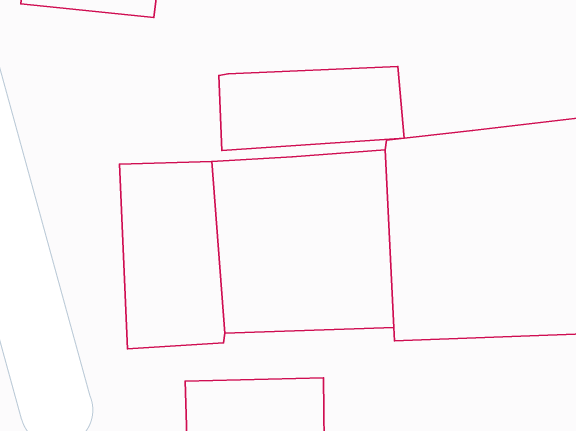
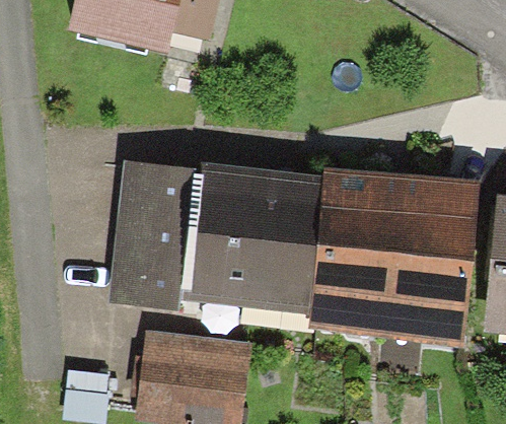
building: [219,66,404,150] -> none

